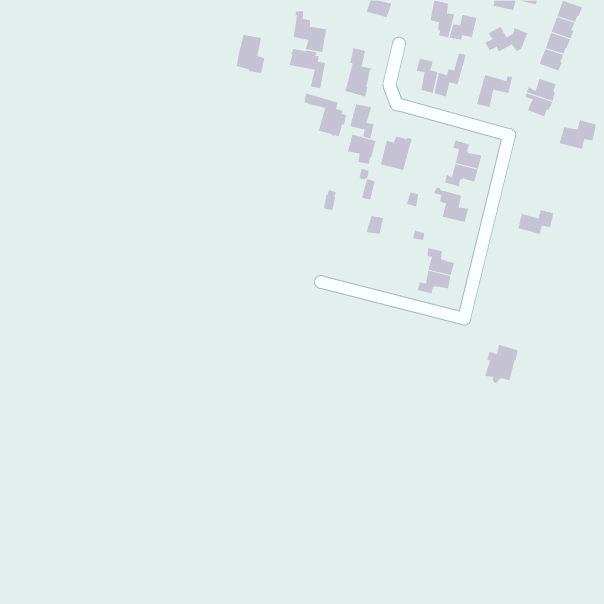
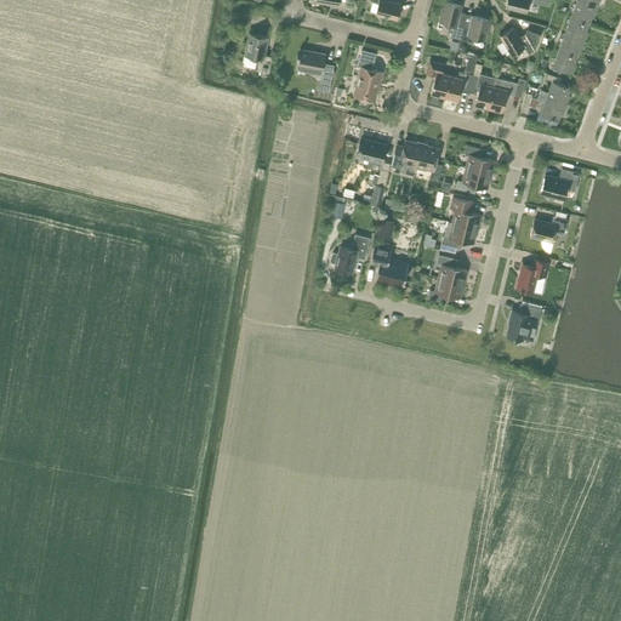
building: [293,10,327,53] -> none
building: none -> [469,69,497,108]
building: [304,93,347,137] -> none
building: [350,104,374,139] -> [417,144,443,181]
building: [559,120,597,149] -> [541,169,580,199]
building: none -> [443,222,478,247]
building: none -> [331,234,371,274]
building: none -> [371,244,410,286]
building: none -> [518,258,549,292]
building: [484,344,519,383] -> [507,303,542,343]

